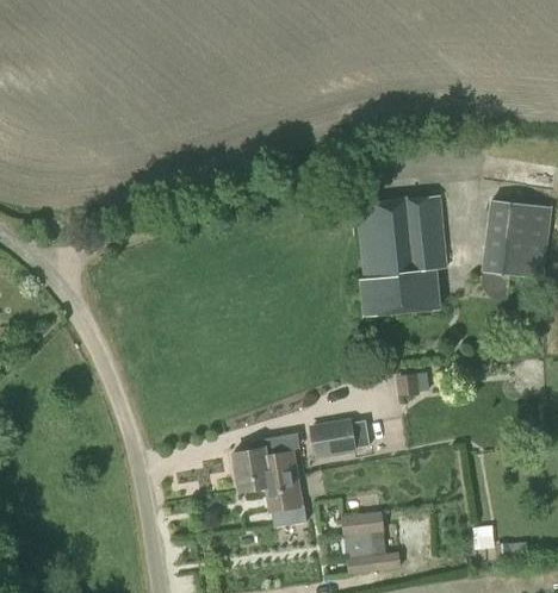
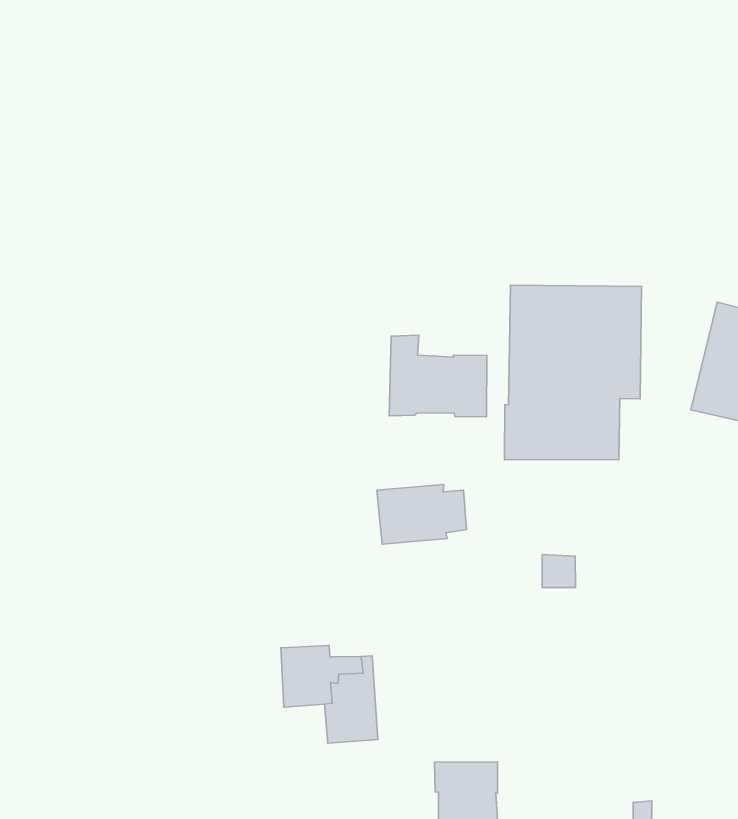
building: none -> [389,335,487,417]
building: [309,417,370,460] -> [377,484,467,544]

